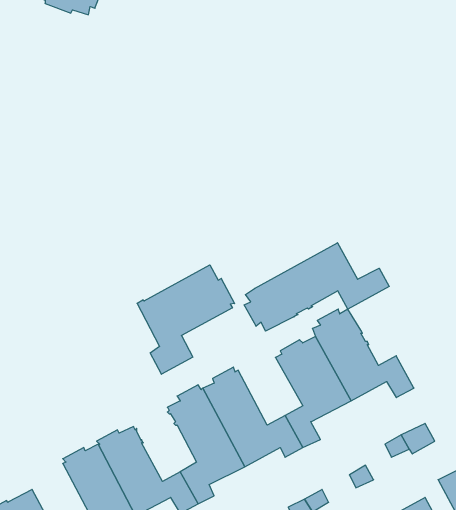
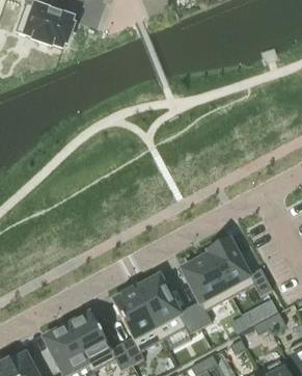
building: [244,243,389,331] -> none
building: [137,265,235,374] -> none

